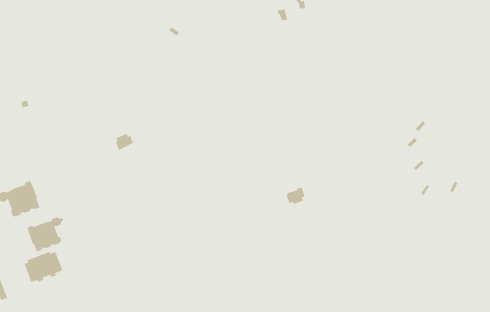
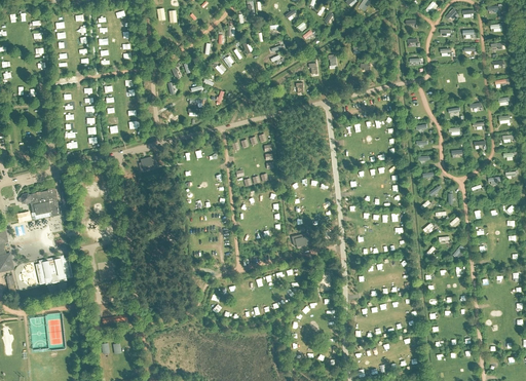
building: [27,217,64,252] -> none

